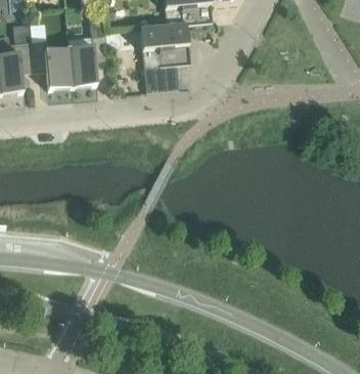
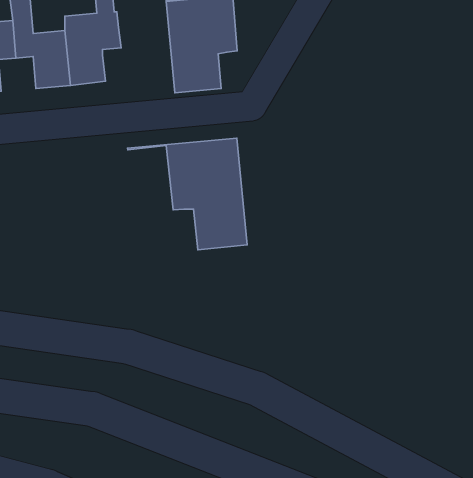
building: none -> [128,138,247,250]

